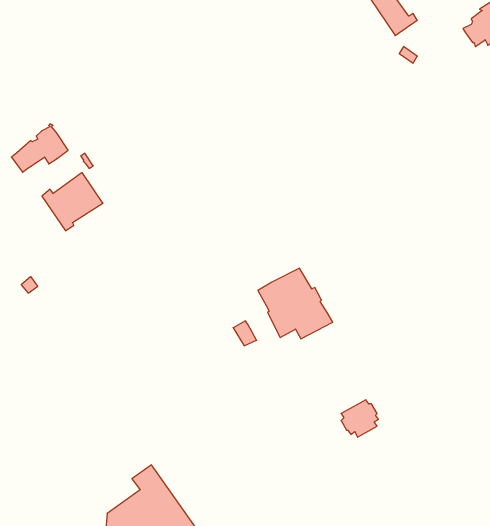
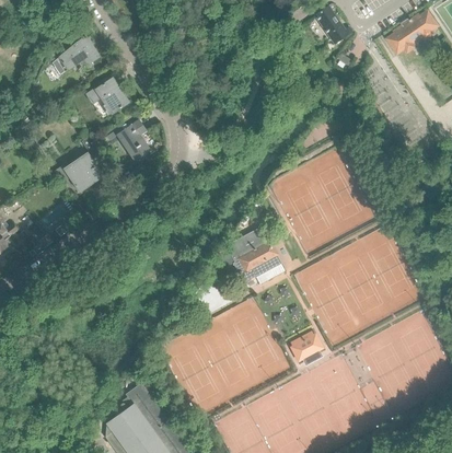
building: none -> [86,78,127,115]
building: [11,124,68,172] -> [51,36,96,74]
building: none -> [116,118,150,160]

